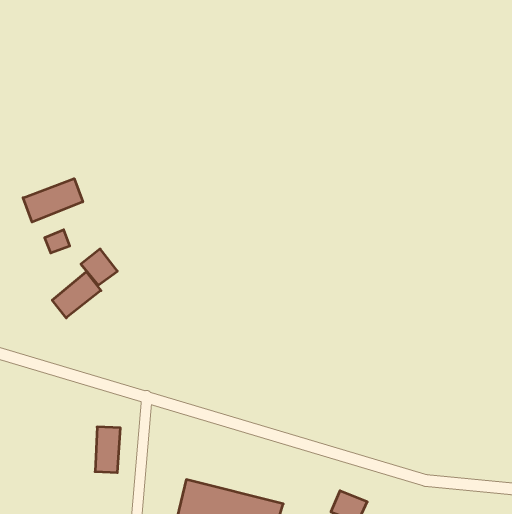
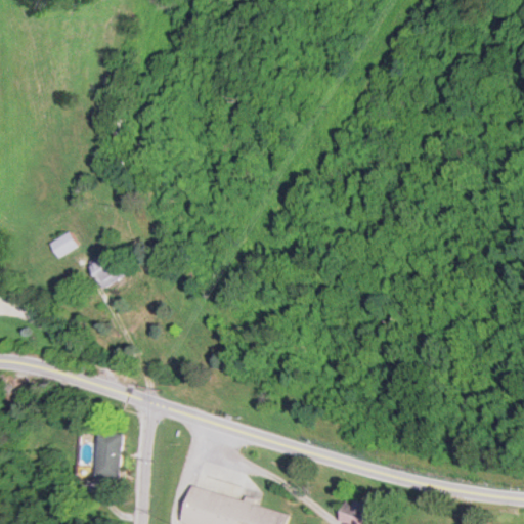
building: [23,179,83,222] -> none
building: [52,272,101,318] -> none

